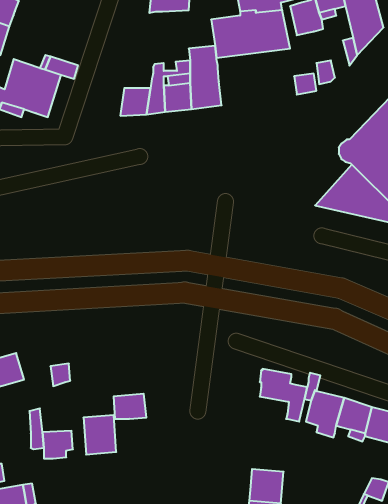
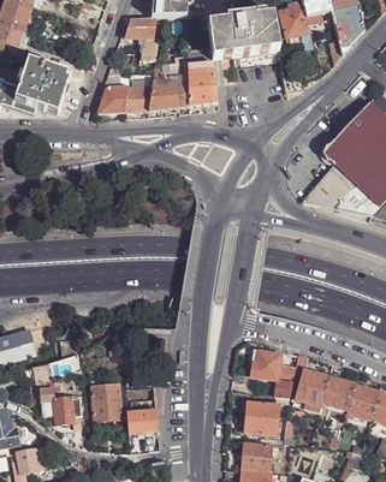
building: none -> [124,18,160,54]
building: none -> [99,88,127,114]
building: [114,394,146,419] -> [126,411,156,434]
building: none -> [244,395,280,428]

